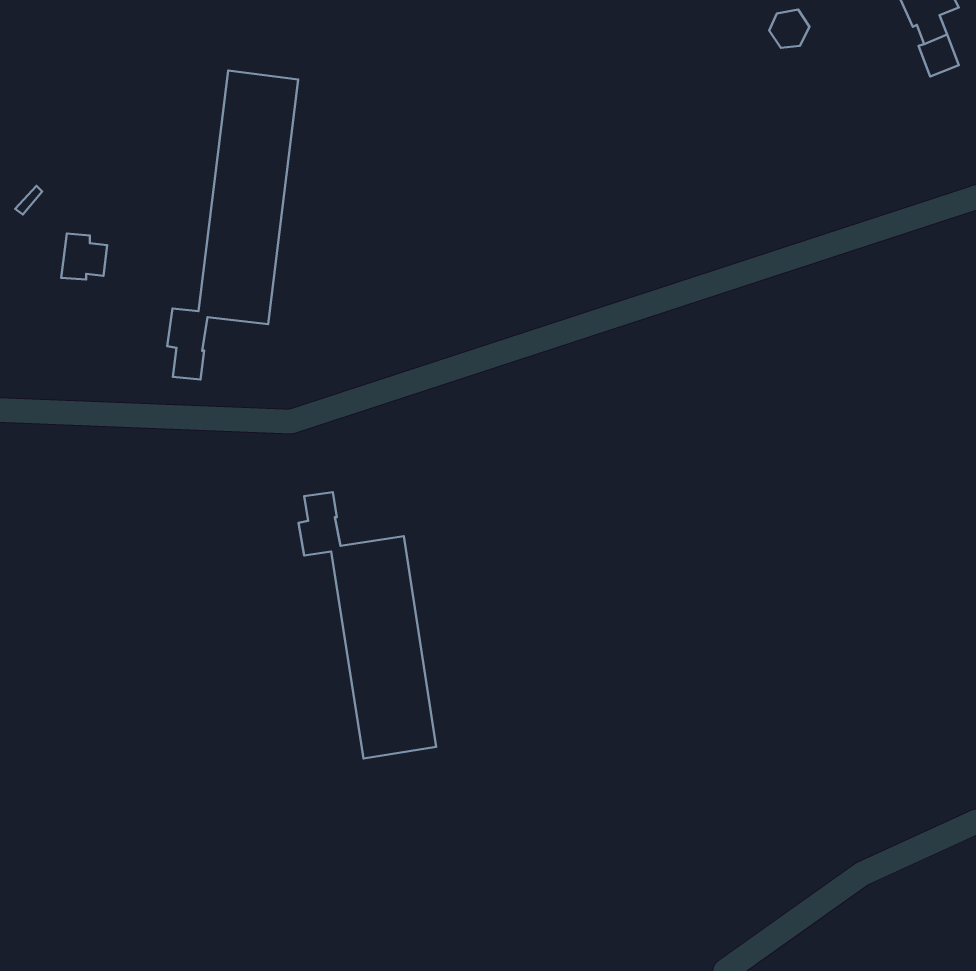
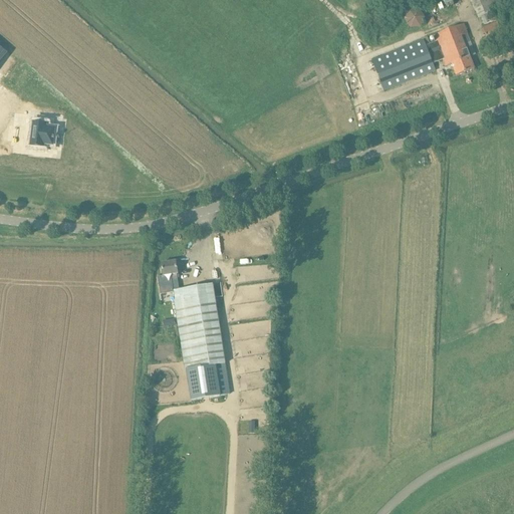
building: none -> [369,21,474,88]
building: [167,71,298,380] -> none

